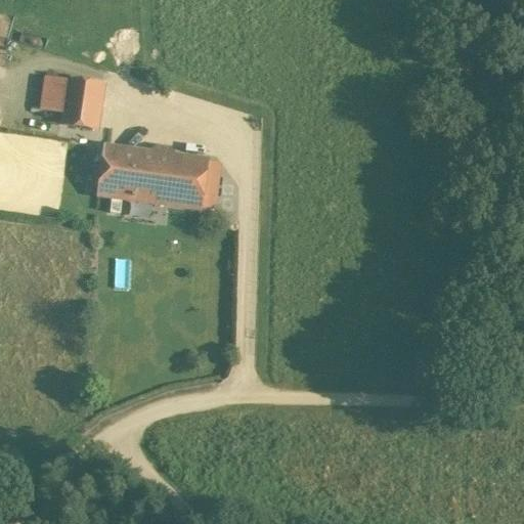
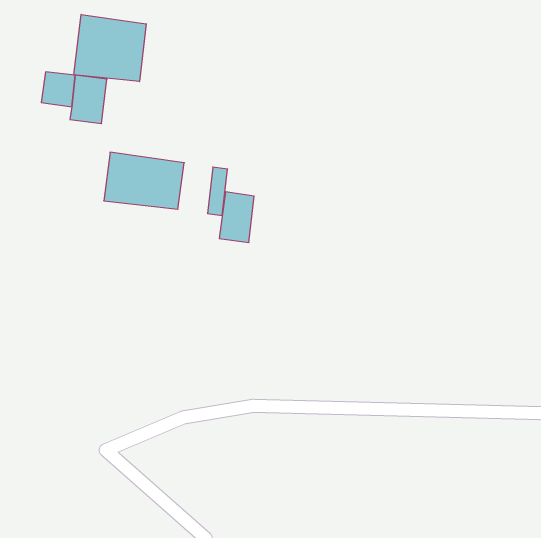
building: none -> [74,14,146,82]
building: [172,158,206,207] -> [219,192,254,243]

